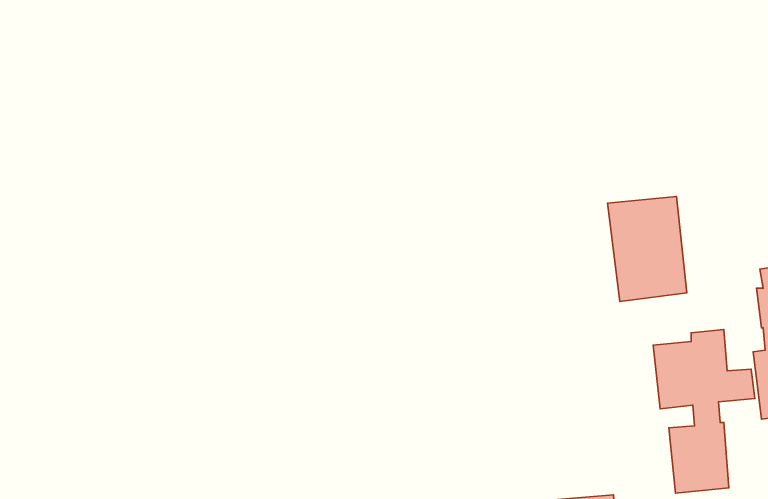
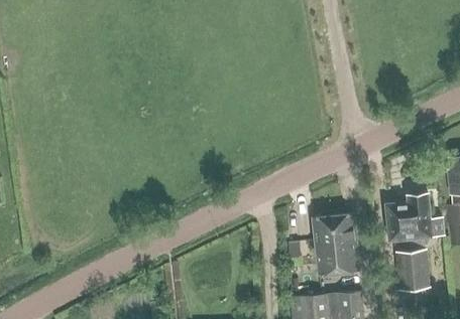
building: [608,196,687,301] -> [312,213,358,275]

